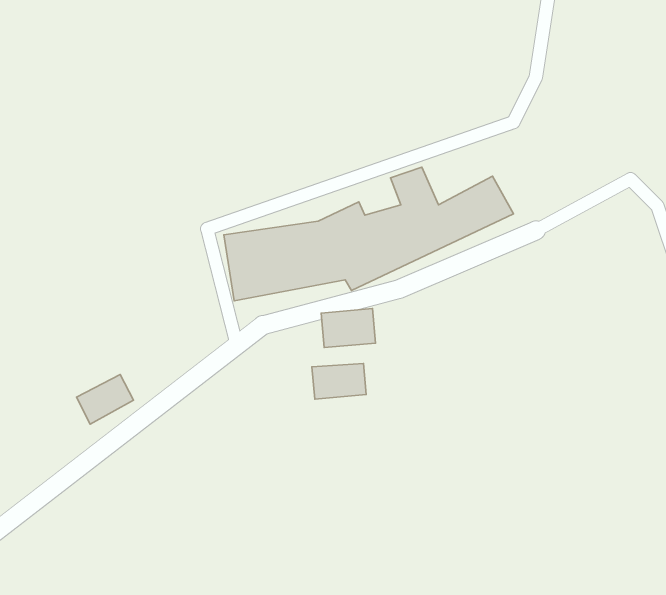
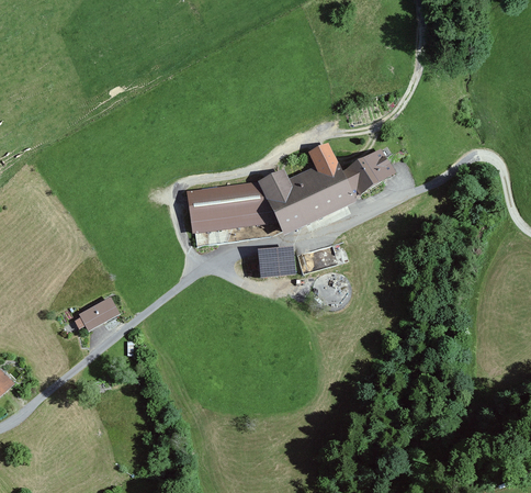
building: [312,364,366,399] -> none

